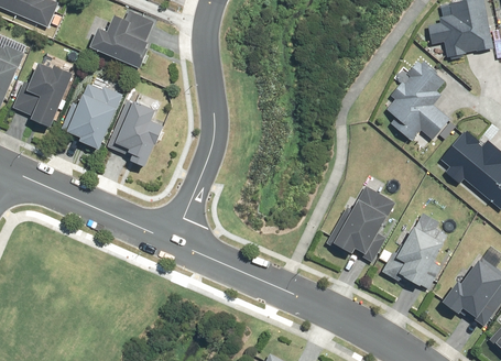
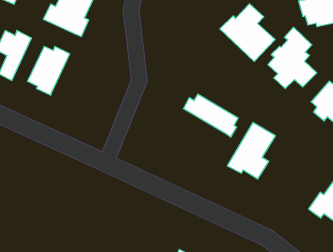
building: none -> [220,4,275,61]
building: [113,101,161,165] -> none
building: none -> [183,94,238,137]
building: [395,212,448,288] -> none

